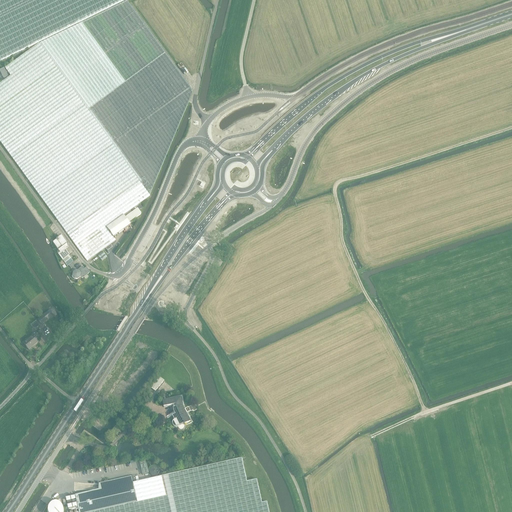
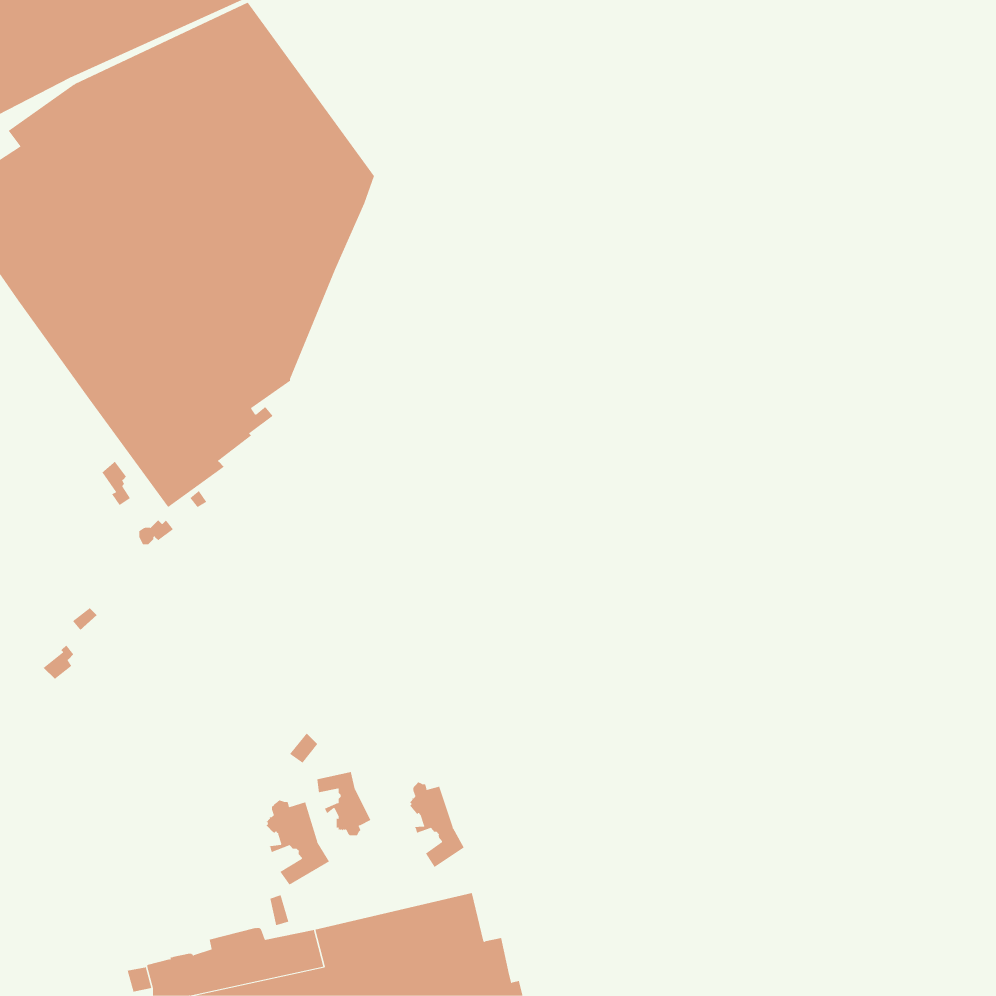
building: none -> [409,781,464,868]
building: none -> [265,799,330,885]

